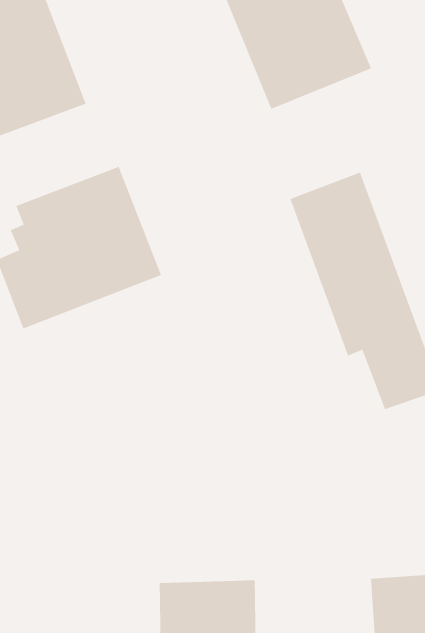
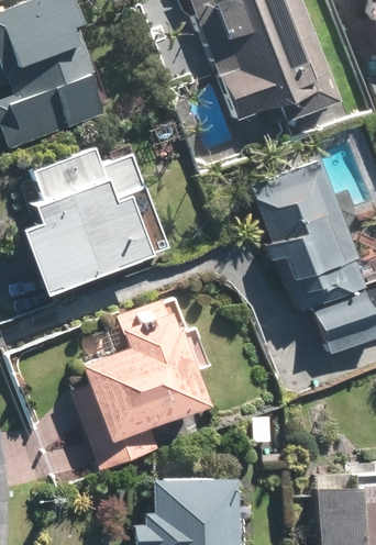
building: none -> [73,308,199,464]

